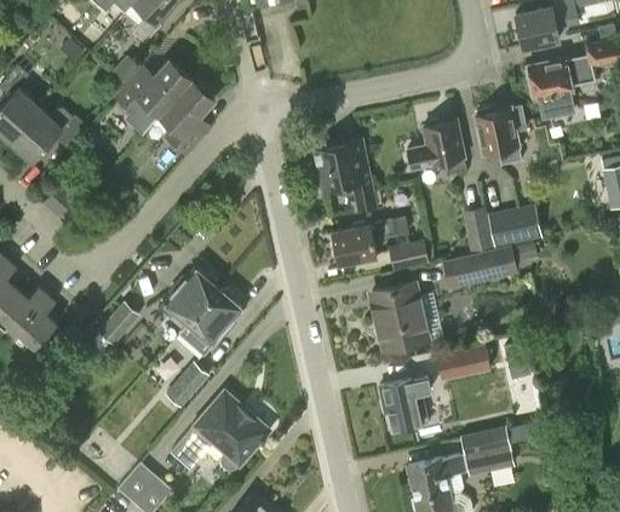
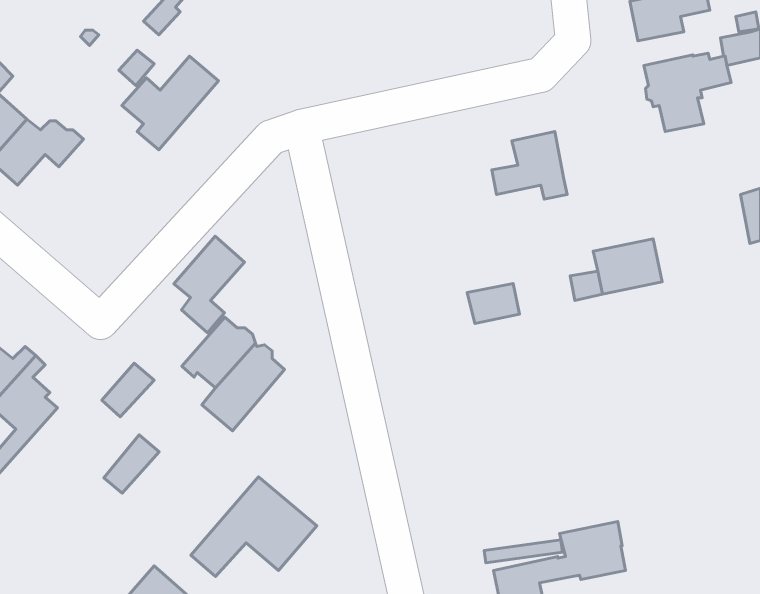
building: [159,79,214,155] -> [174,236,244,333]
building: [473,105,524,165] -> none
building: [315,139,375,211] -> none
building: [333,220,390,264] -> none
building: [443,241,538,287] -> none
building: [373,283,426,349] -> none
building: [437,345,489,378] -> none
building: [166,361,209,407] -> [104,435,159,493]
building: [380,376,431,431] -> none

